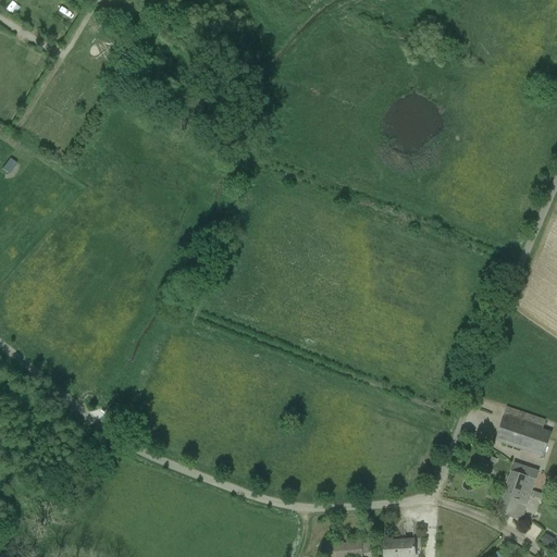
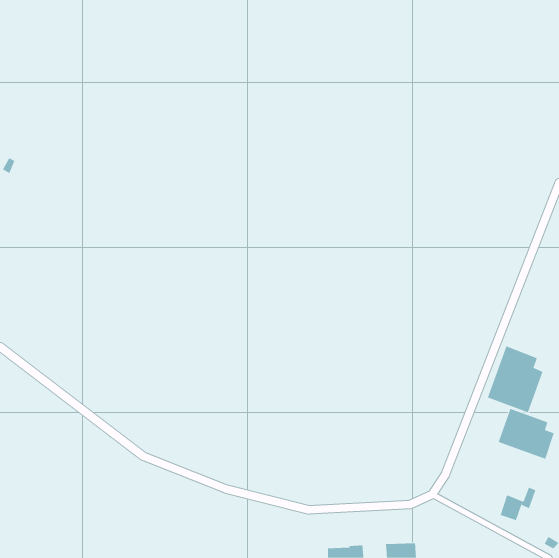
building: none -> [487,346,543,413]
building: [504,461,539,498] -> none

